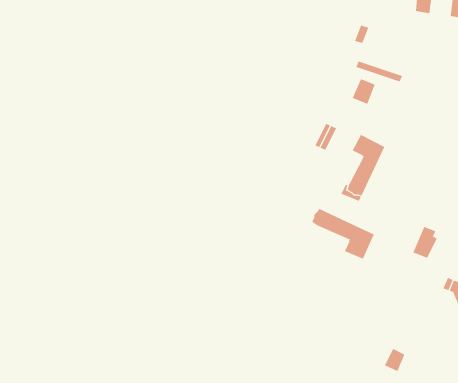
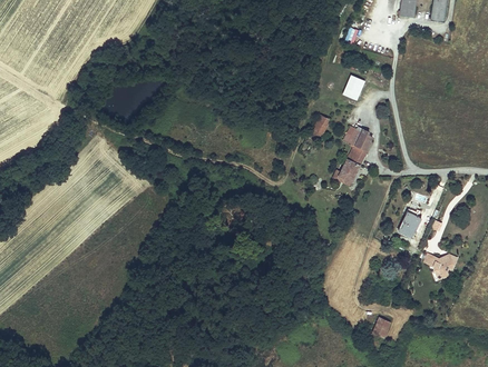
building: [312,208,374,260] -> none

